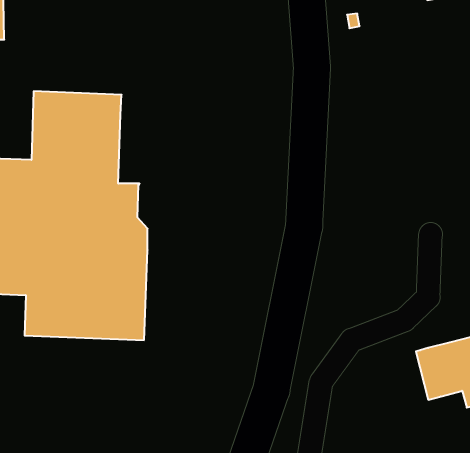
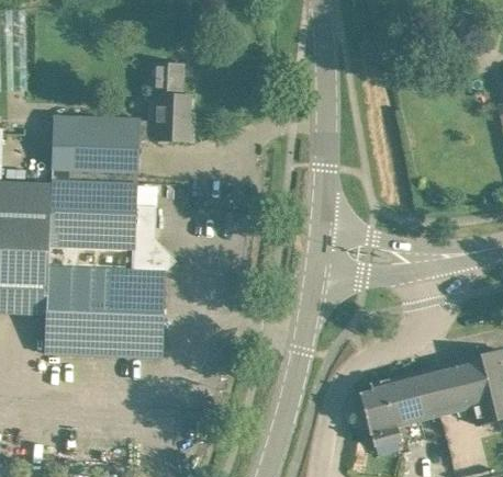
building: none -> [138,65,193,140]
building: none -> [359,370,438,446]

